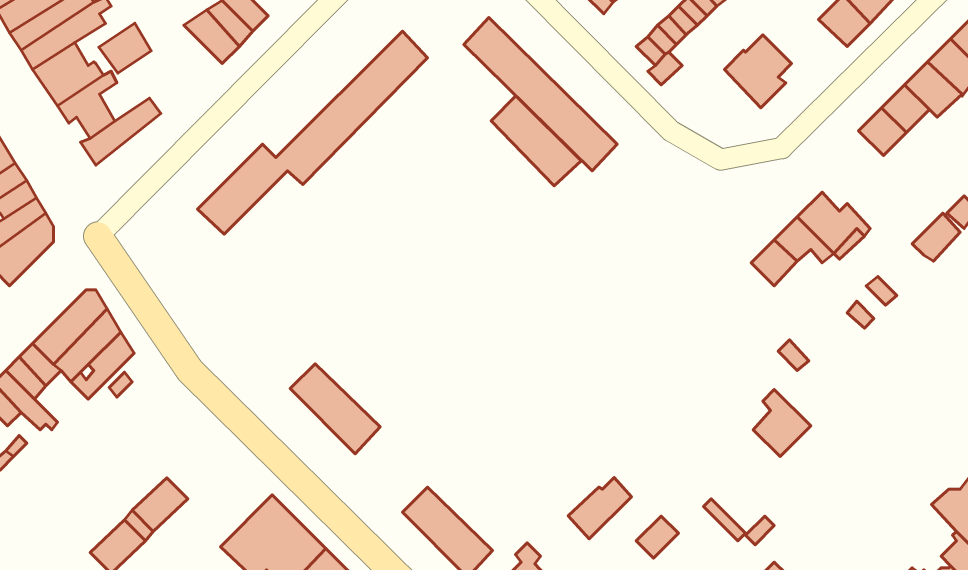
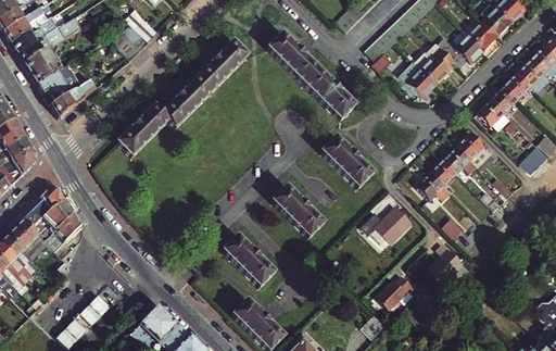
building: none -> [441,34,485,70]
building: [99,23,151,73] -> none
building: none -> [401,61,437,98]
building: [491,96,581,186] -> [323,136,374,187]
building: none -> [478,97,513,129]
building: none -> [418,172,450,198]
building: none -> [273,186,324,237]
building: none -> [362,208,410,246]
building: [290,364,380,454] -> [224,235,275,286]
building: [568,478,631,539] -> [375,274,410,309]

